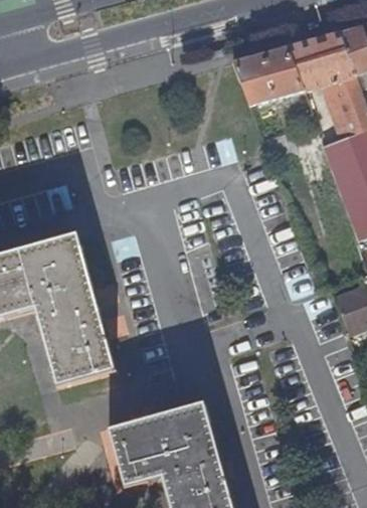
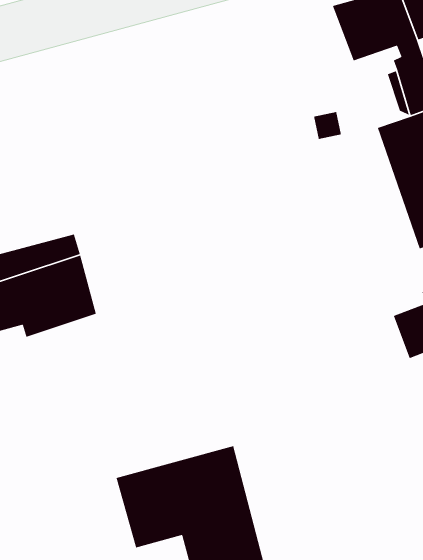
building: [231,46,302,111] -> none
building: [37,296,116,383] -> none

